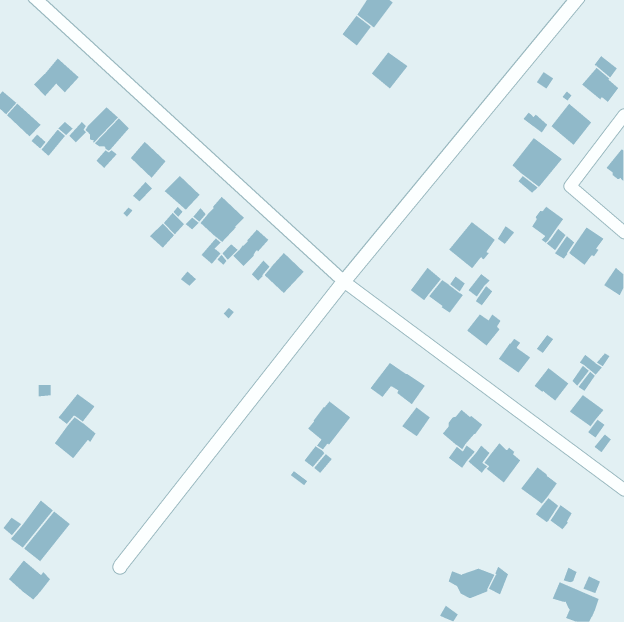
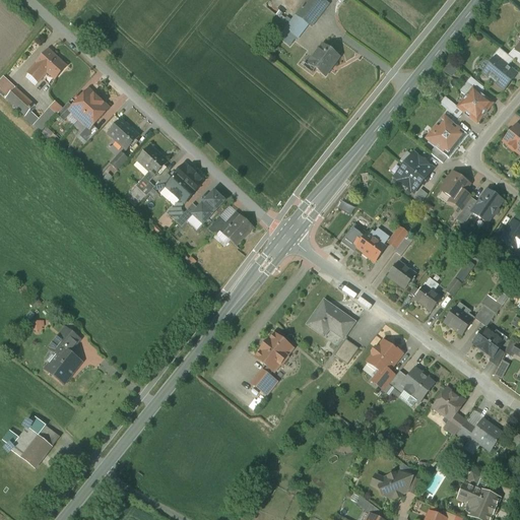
building: [448,221,496,269] -> [393,151,433,191]
building: none -> [471,417,501,447]
building: [8,560,51,600] -> none

